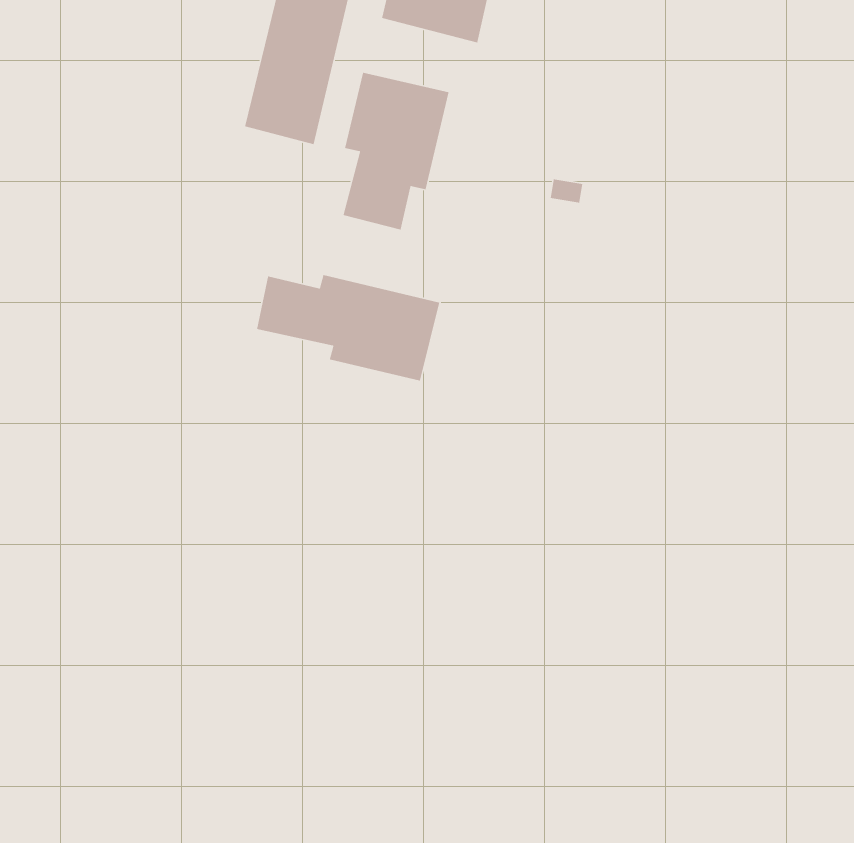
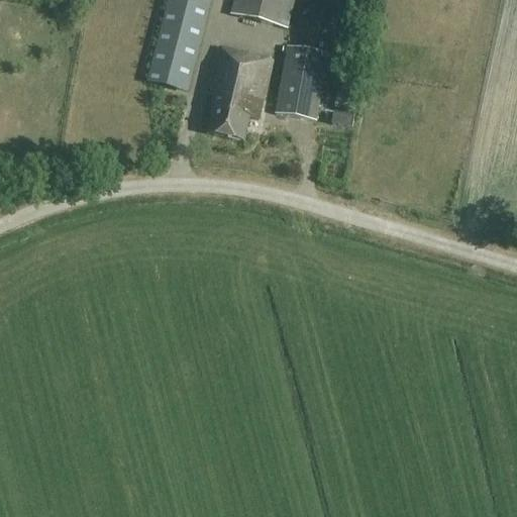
building: none -> [275,42,329,119]
building: [256,274,440,381] -> none

